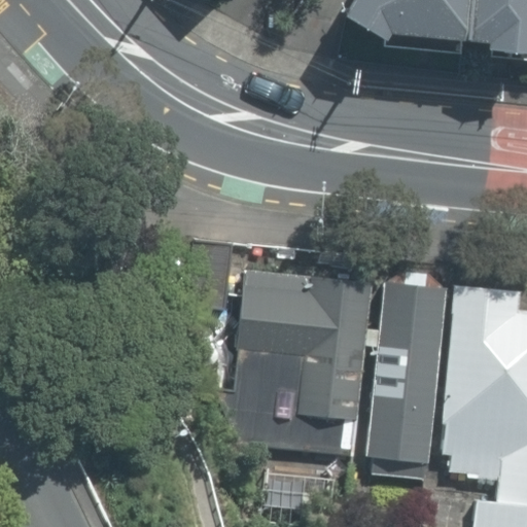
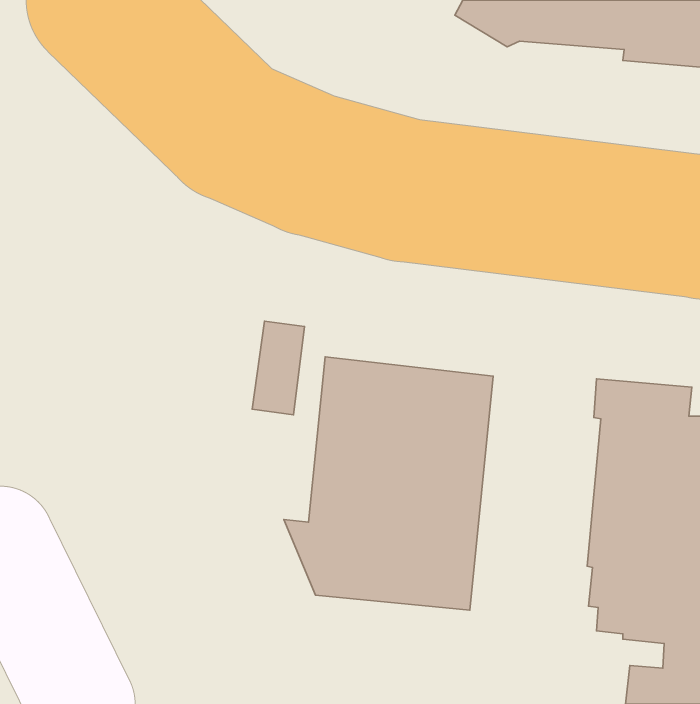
building: [366,269,444,479] -> none

